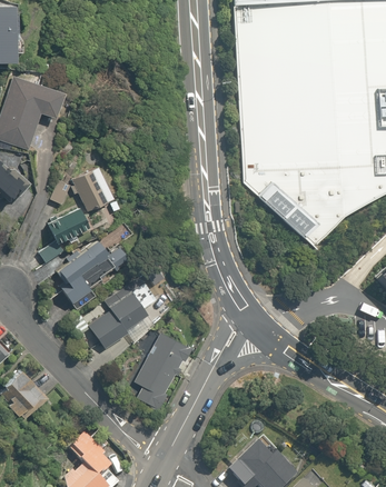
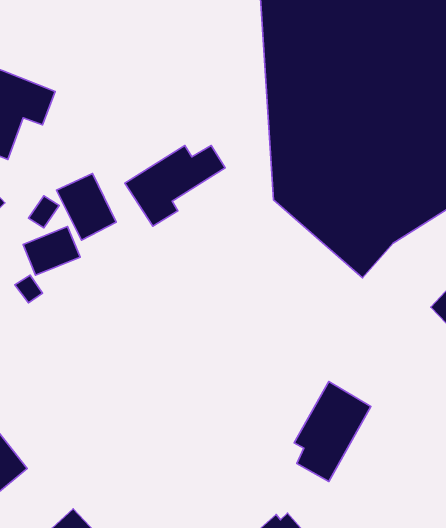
building: [56,245,136,309] -> [125,146,225,226]
building: [86,285,156,350] -> none
building: [135,332,196,413] -> [294,381,371,482]

